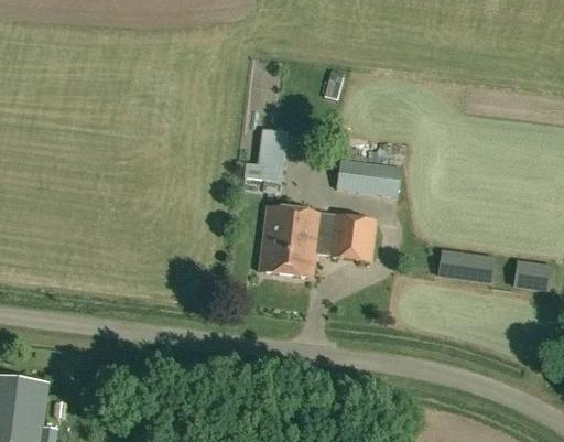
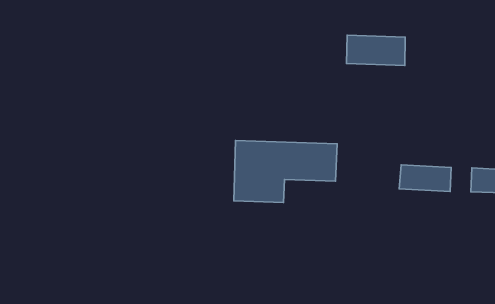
building: [243,128,288,181] -> none
building: [336,159,401,196] -> [347,35,405,65]

